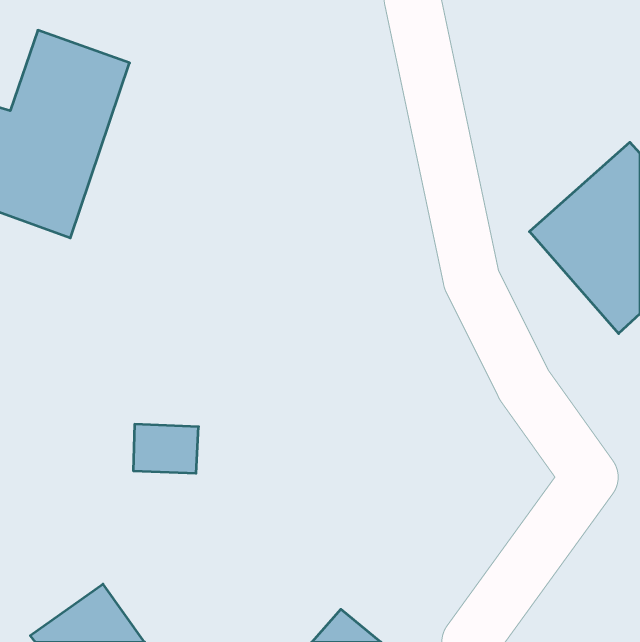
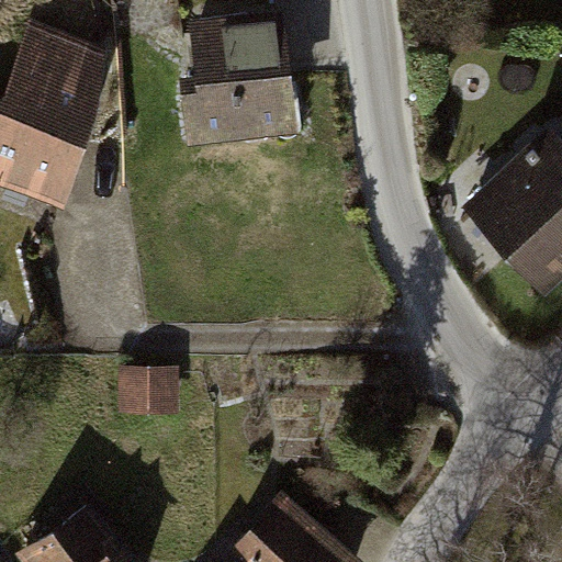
building: none -> [188,20,306,147]

